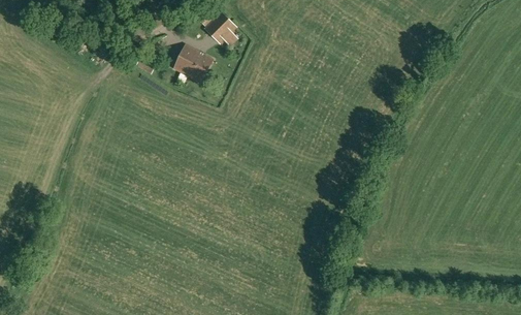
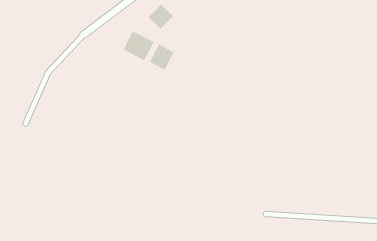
building: none -> [149,44,174,70]

